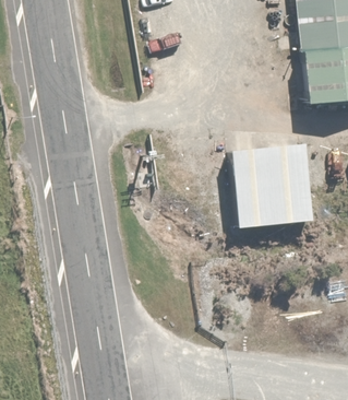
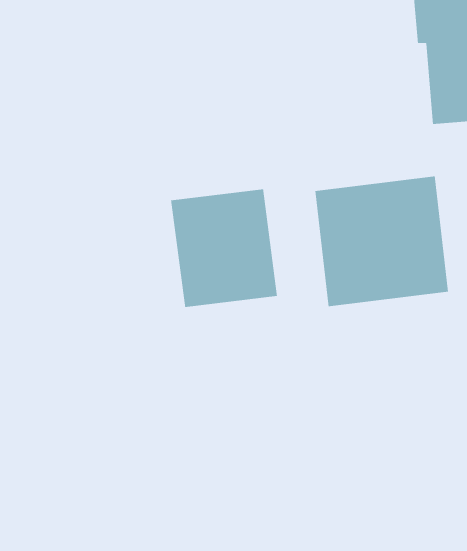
building: none -> [171,189,277,308]

